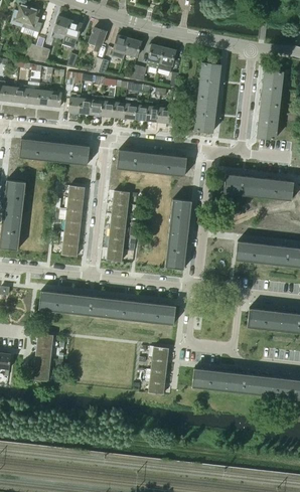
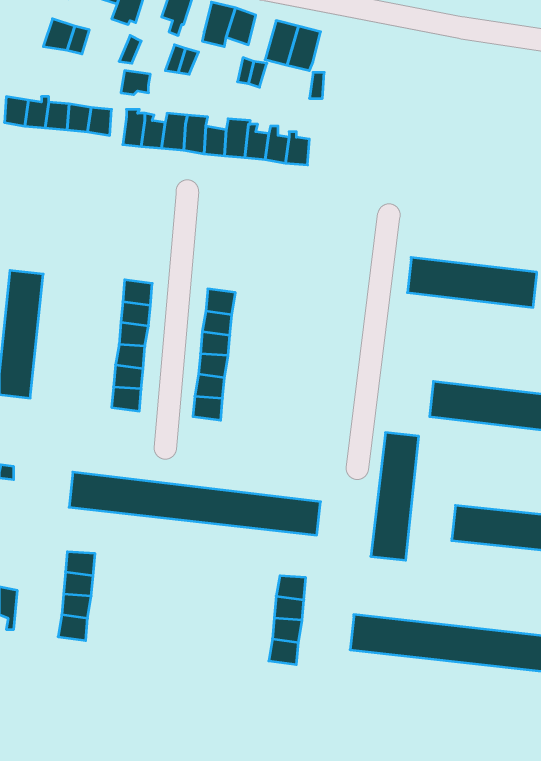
building: [194,62,220,132] -> none
building: [257,69,283,139] -> none
building: [20,138,90,165] -> none
building: [117,149,187,176] -> none
building: [165,199,191,269] -> [371,433,419,560]

